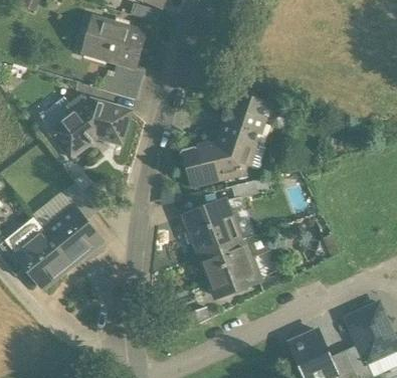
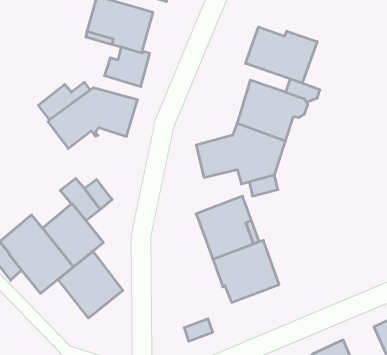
building: none -> [246,27,317,83]
building: none -> [58,252,123,318]

